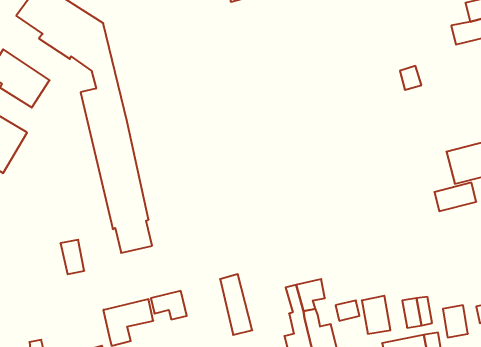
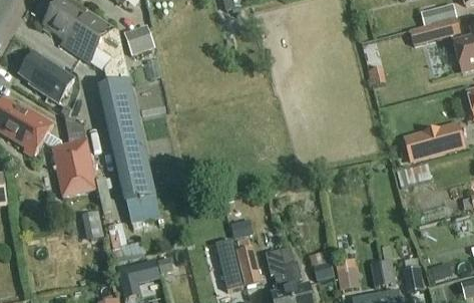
building: none -> [123,24,154,54]
building: none -> [49,112,96,196]
building: none -> [238,249,262,284]

